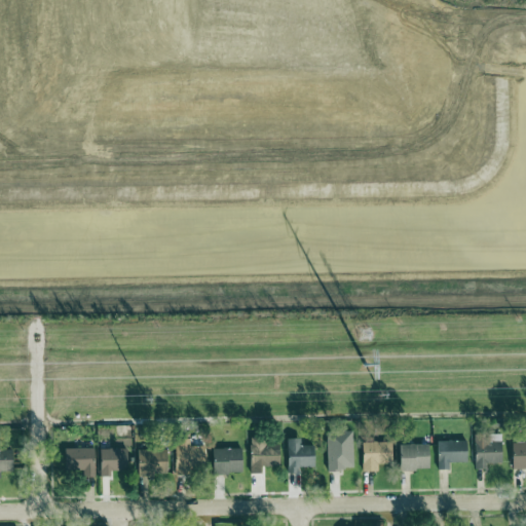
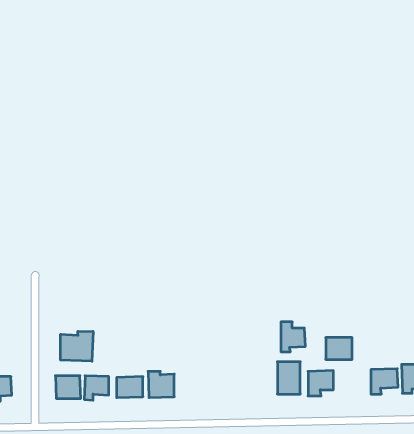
building: none -> [61,331,93,361]
building: [250,436,281,474] -> none
building: [288,438,316,473] -> [281,322,305,352]
building: [401,444,431,469] -> [326,338,352,359]
building: [214,448,243,474] -> none

